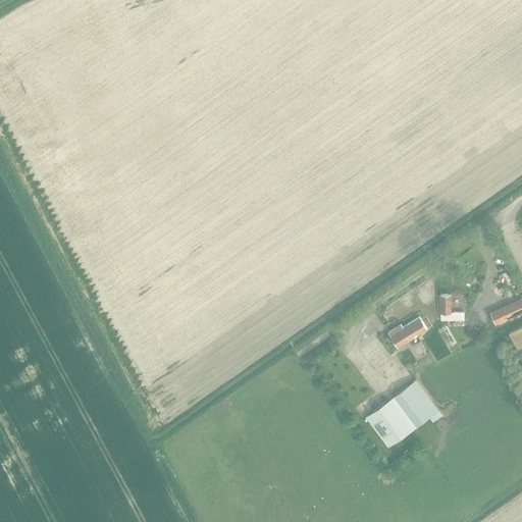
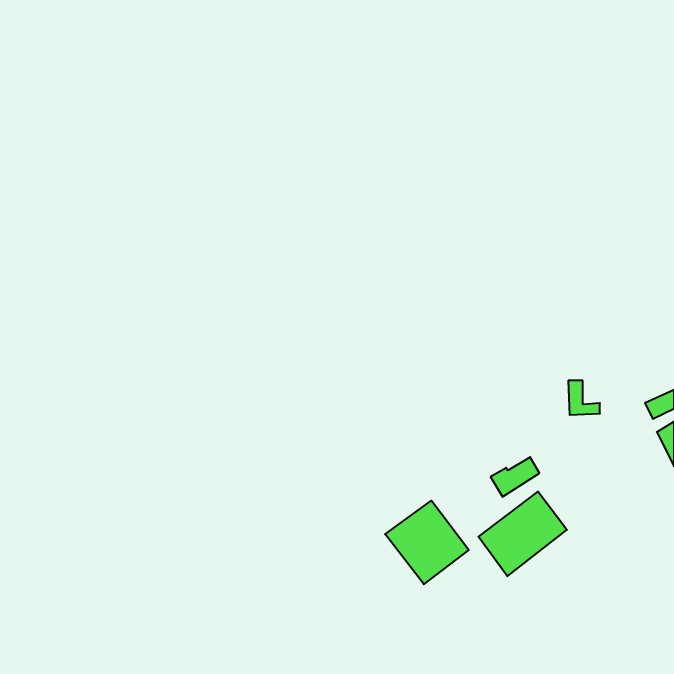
building: [388,317,426,348] -> [491,457,539,497]
building: none -> [385,501,469,584]

